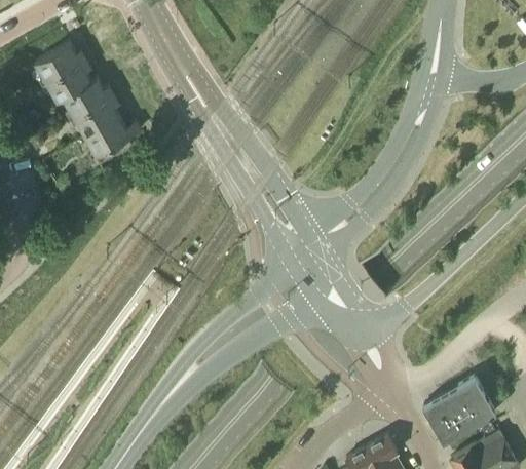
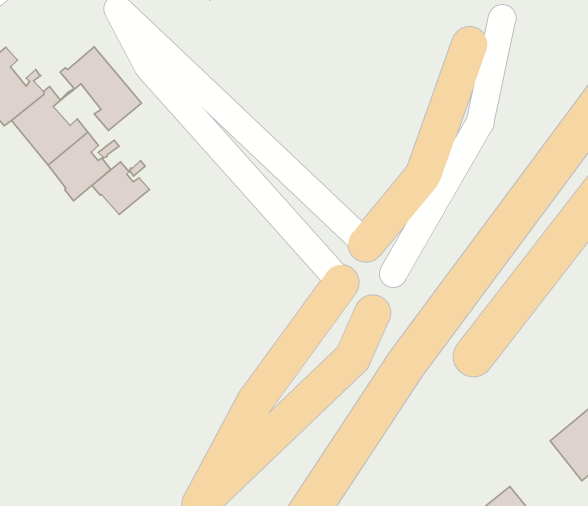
building: none -> [60,47,141,130]
building: none -> [92,160,150,215]

